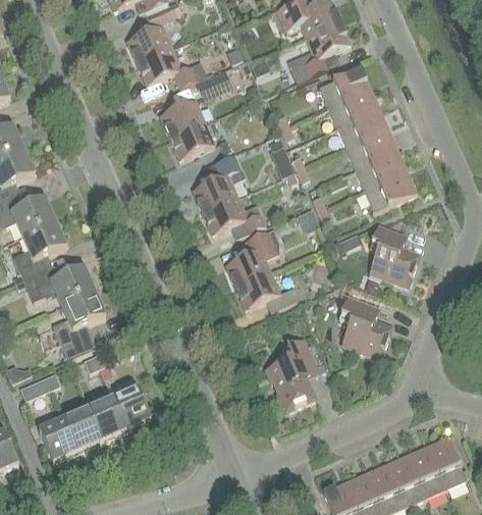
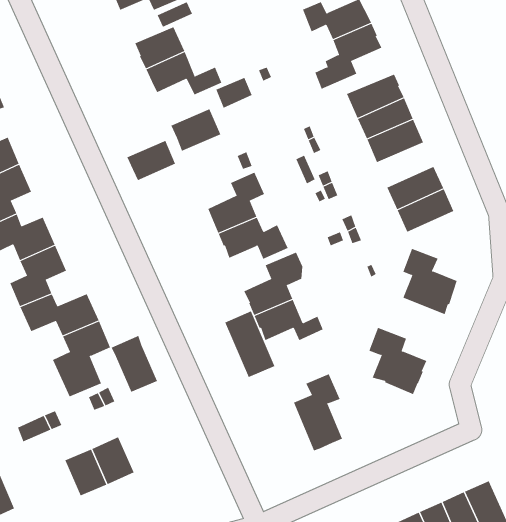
building: [169,122,214,159] -> [126,140,176,181]
building: [345,130,397,170] -> none
building: none -> [225,311,275,378]
building: [108,376,151,428] -> [111,335,158,393]
building: [39,417,77,461] -> none

